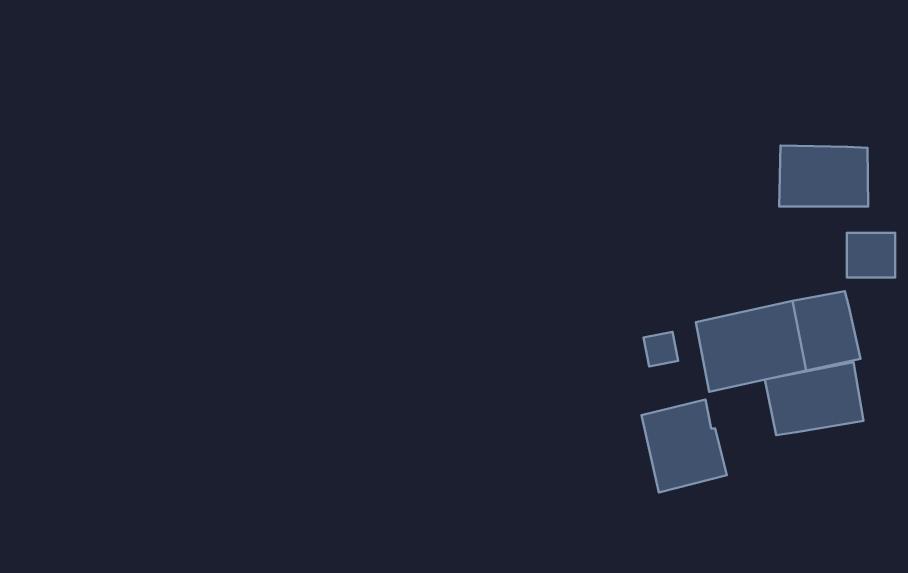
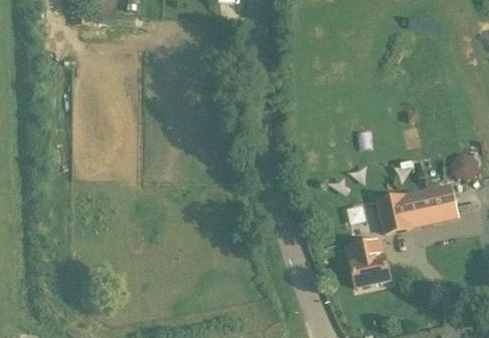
building: [779,145,868,206] -> none
building: [765,362,864,435] -> none

